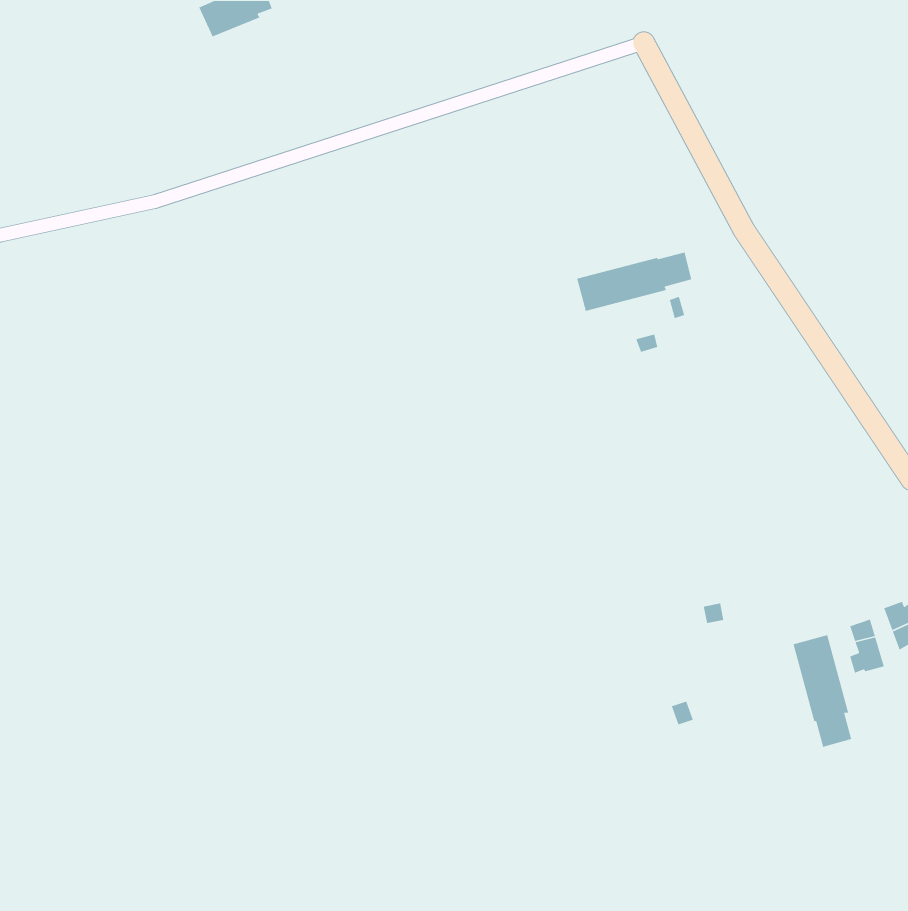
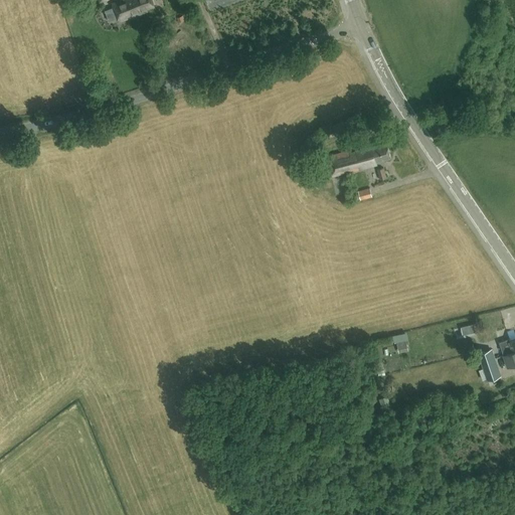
building: [792,634,852,748] -> none

